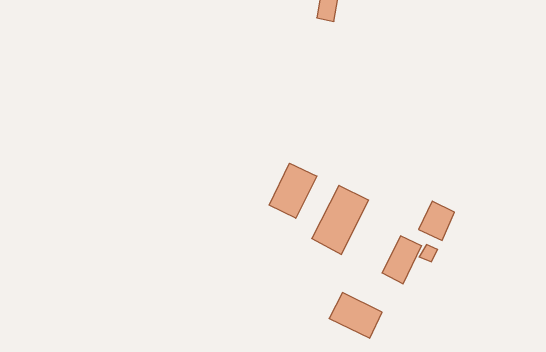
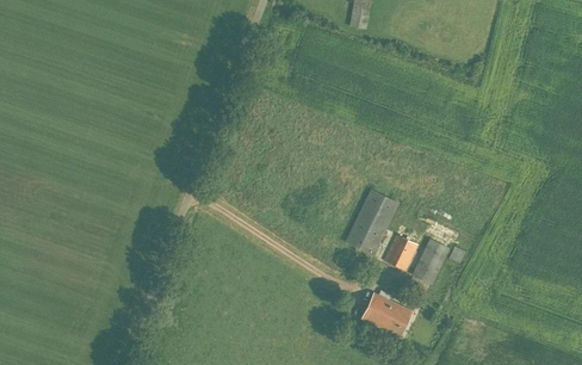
building: [269,163,317,218] -> none
building: [419,201,454,240] -> [383,233,417,271]

